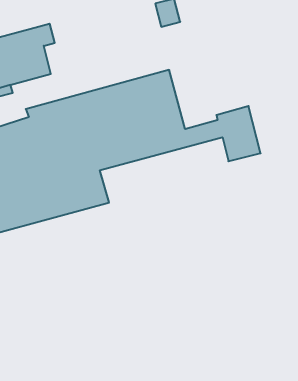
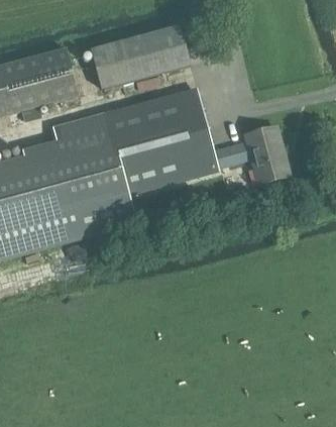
building: none -> [92,24,190,87]

